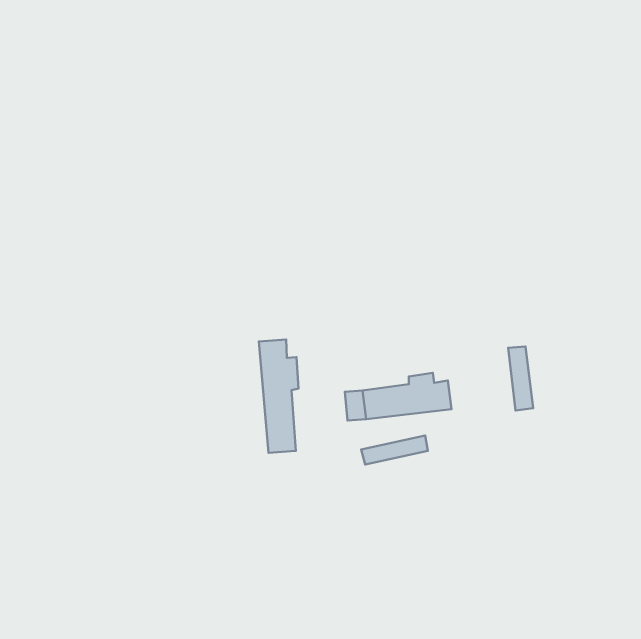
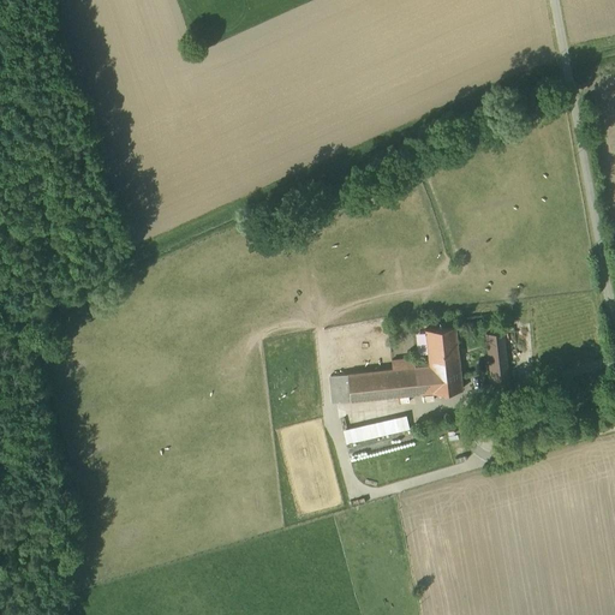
building: [259,340,298,453] -> none
building: none -> [425,329,462,395]

